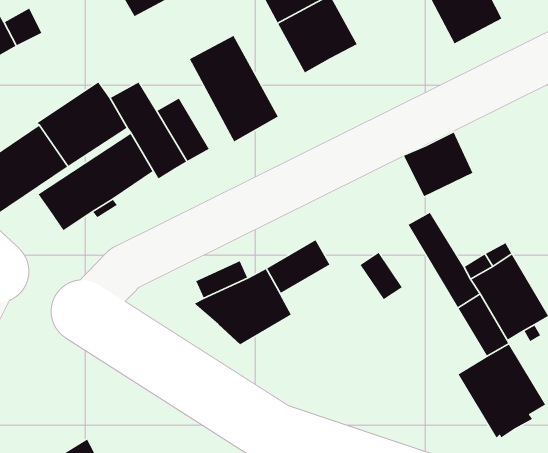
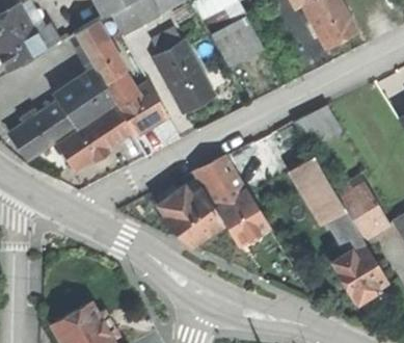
building: none -> [75,24,123,82]
building: none -> [192,154,237,192]
building: none -> [214,190,266,244]

